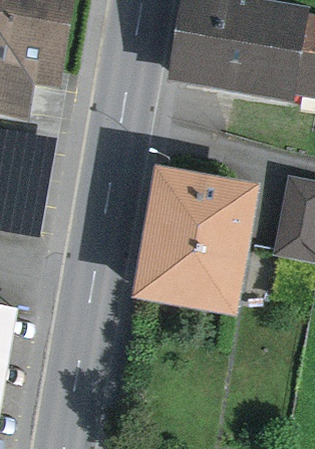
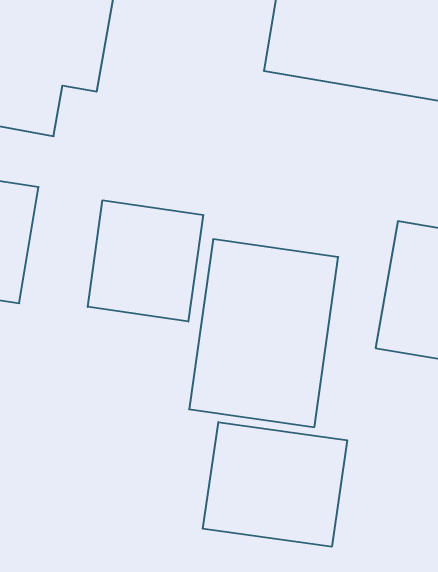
building: none -> [88,200,203,322]
building: none -> [203,422,347,547]

